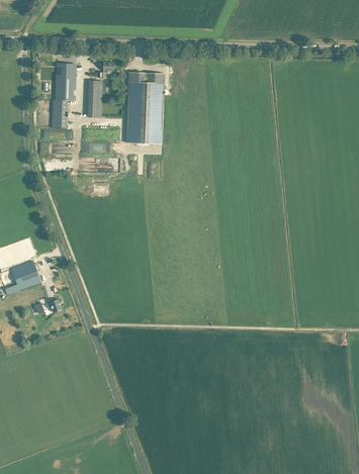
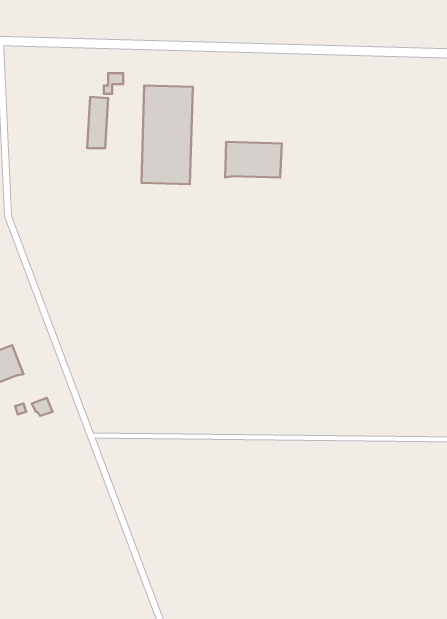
building: [52,64,79,128] -> none
building: none -> [225,142,282,178]

